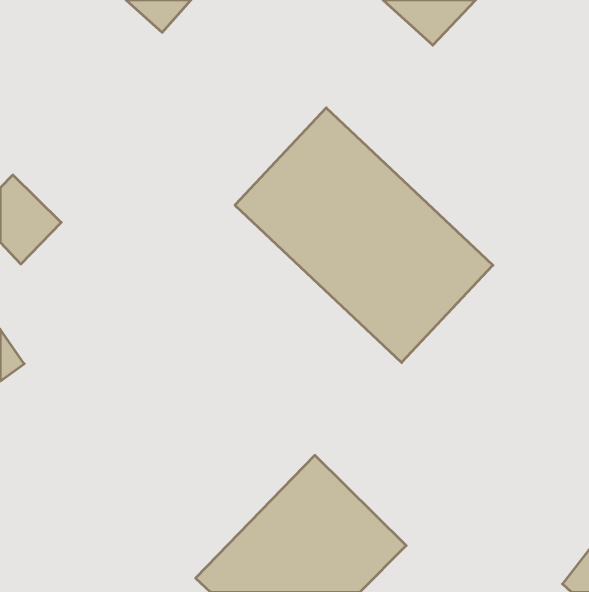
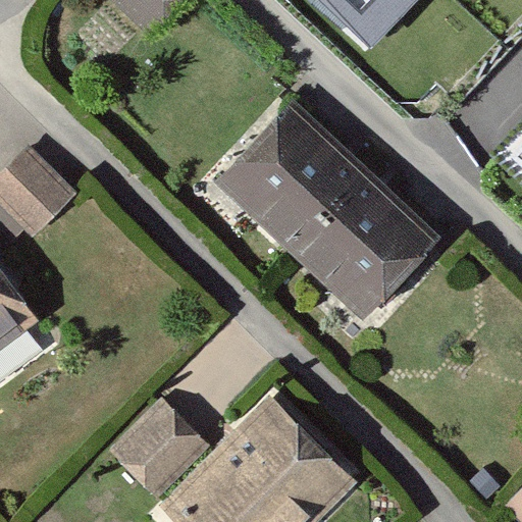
building: none -> [114,401,208,493]

